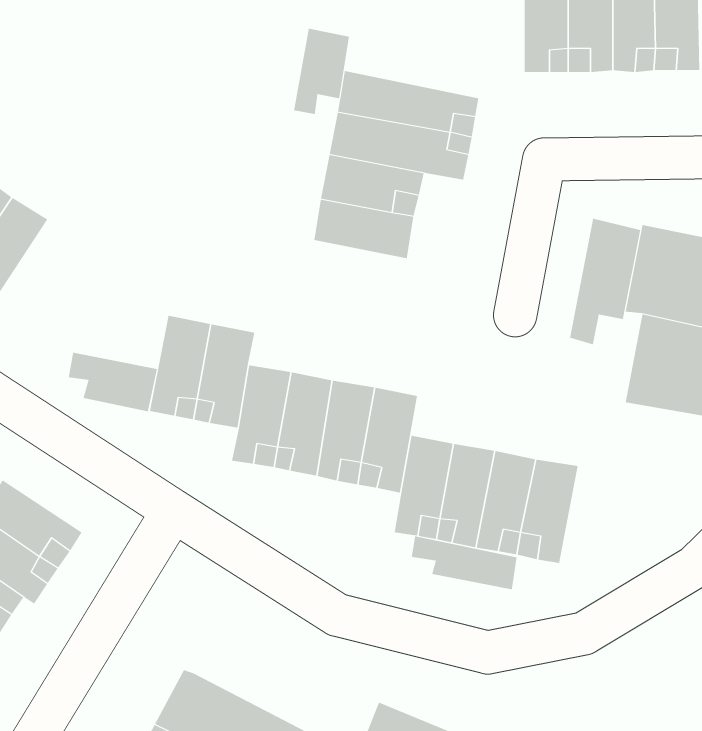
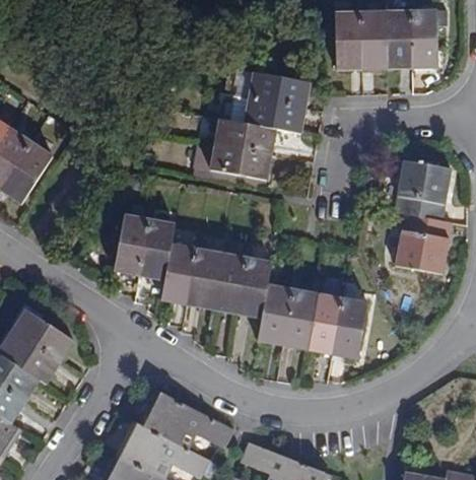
building: [293,28,350,115] -> none
building: [569,218,641,345] -> none
building: [68,352,158,412] -> none
building: [411,536,517,590] -> none
building: none -> [140,391,234,451]

